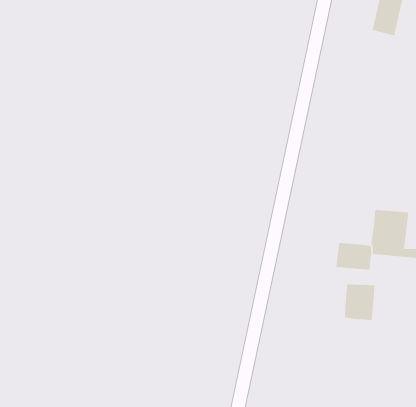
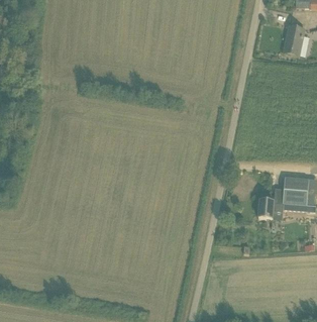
building: [344,283,375,321] -> none

